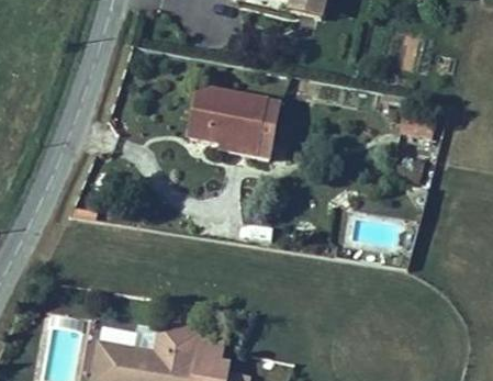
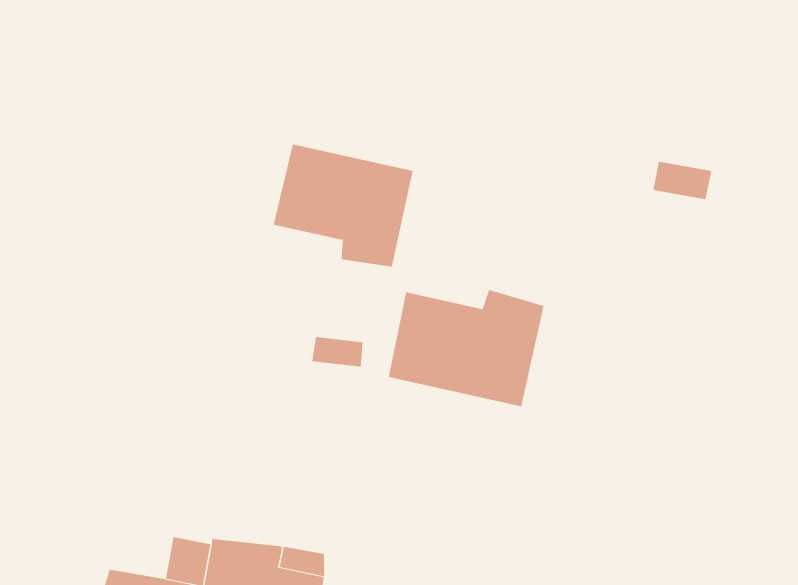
building: none -> [388,289,544,407]

